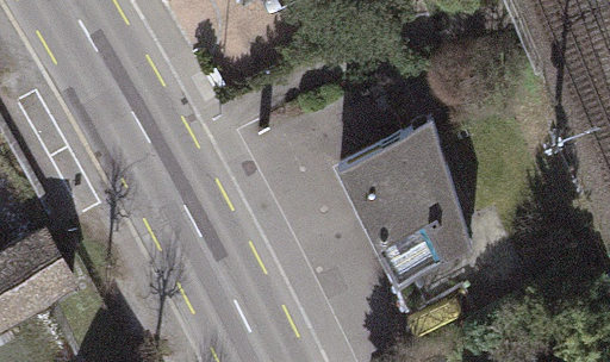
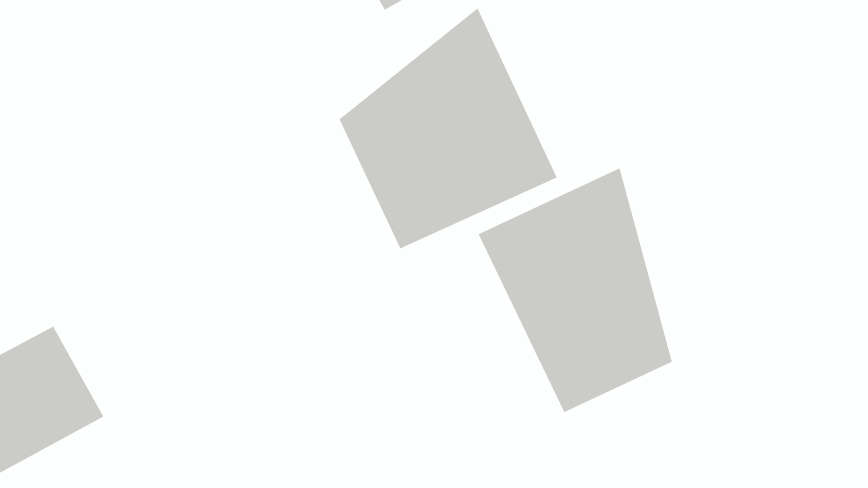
building: none -> [339,7,558,250]

